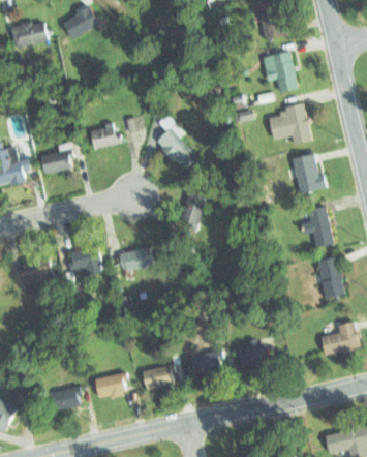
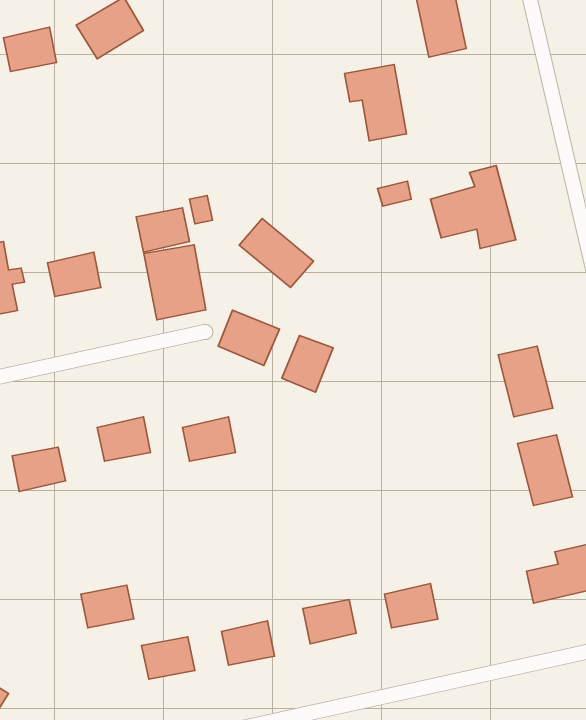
building: [264,52,300,96] -> [344,65,406,141]
building: none -> [144,245,206,320]
building: [289,154,322,195] -> none
building: none -> [218,310,279,365]
building: [51,384,82,408] -> [81,585,134,628]

